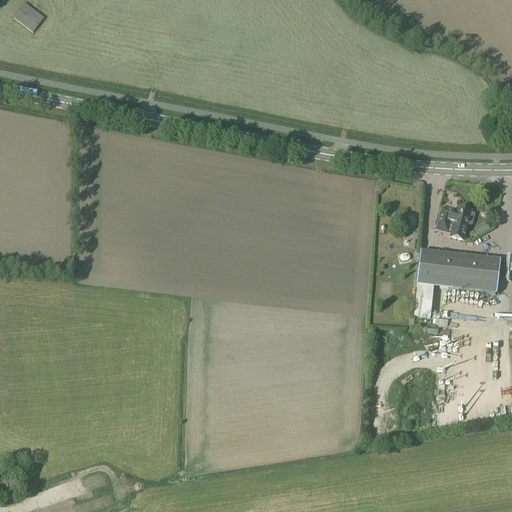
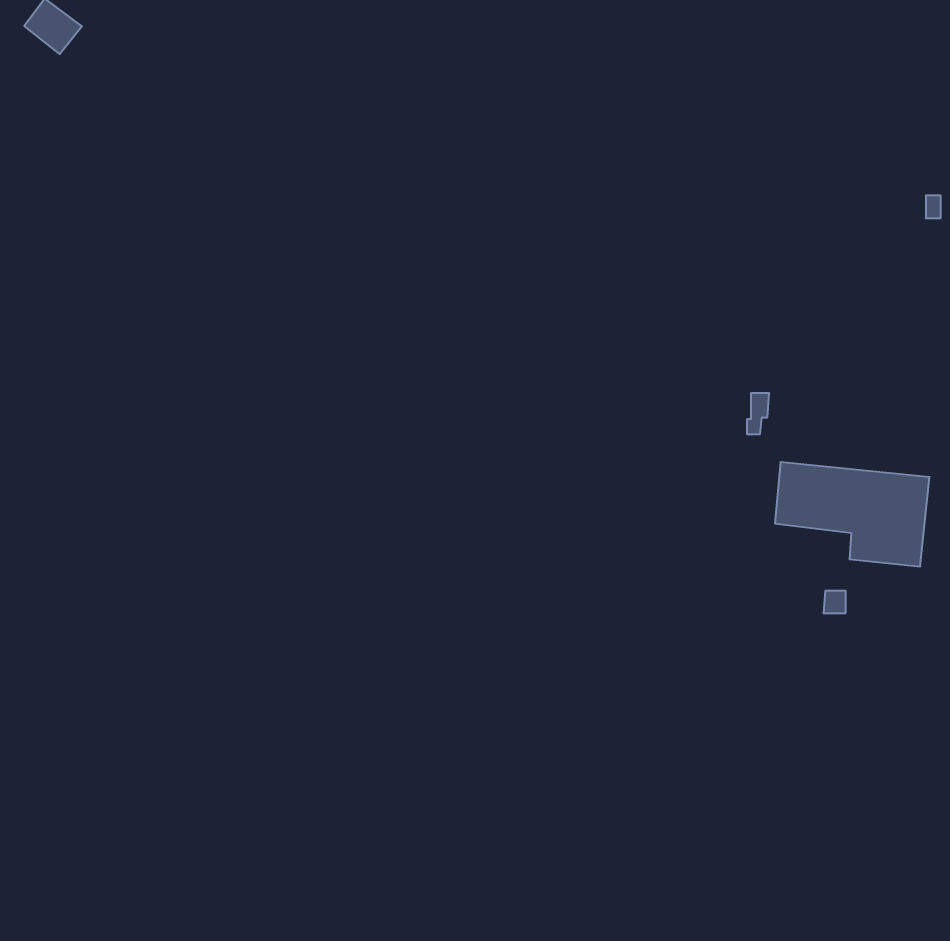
building: [437,203,474,236] -> none

